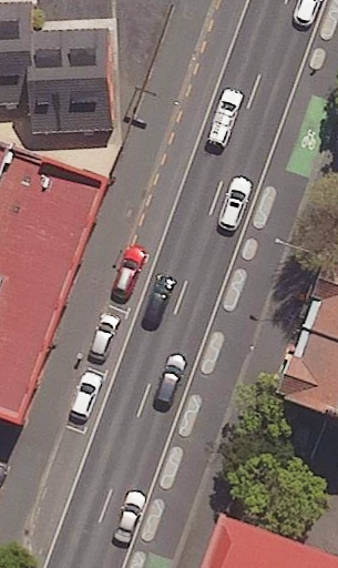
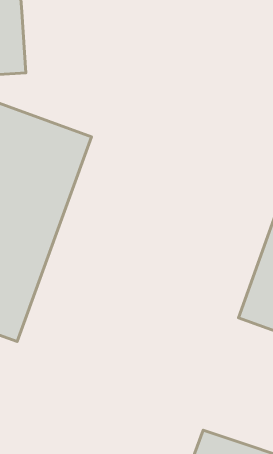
building: [27,33,109,140] -> none

